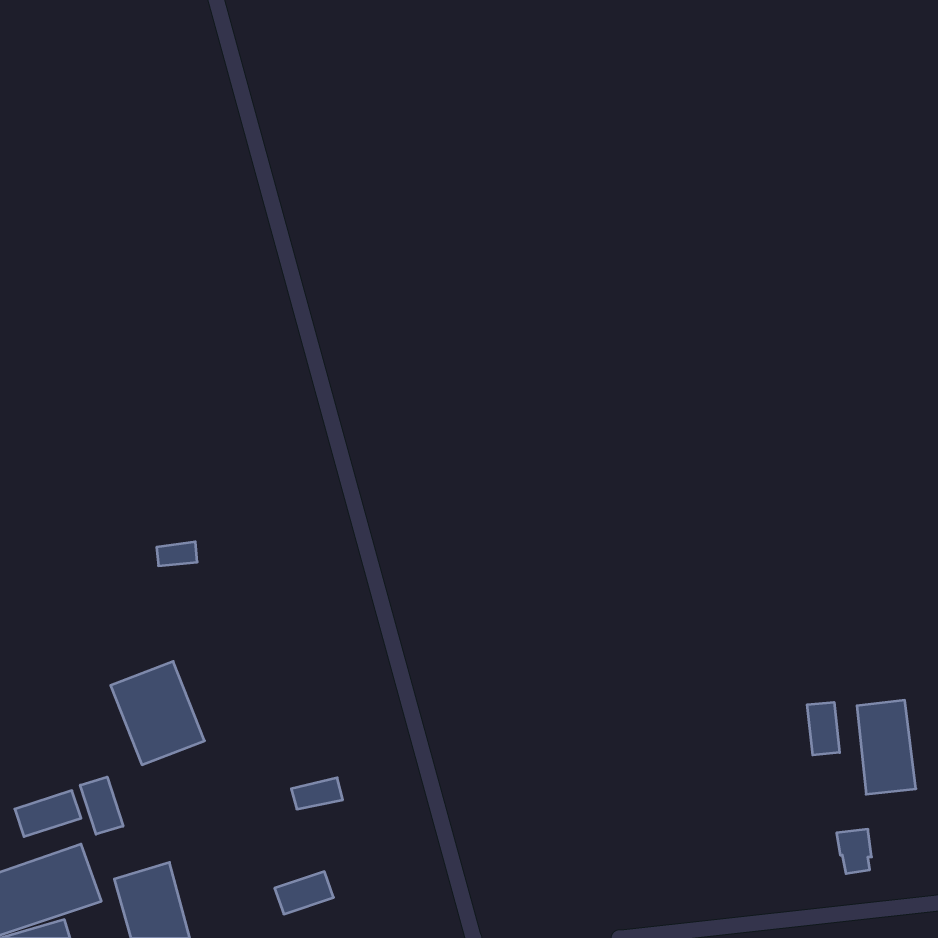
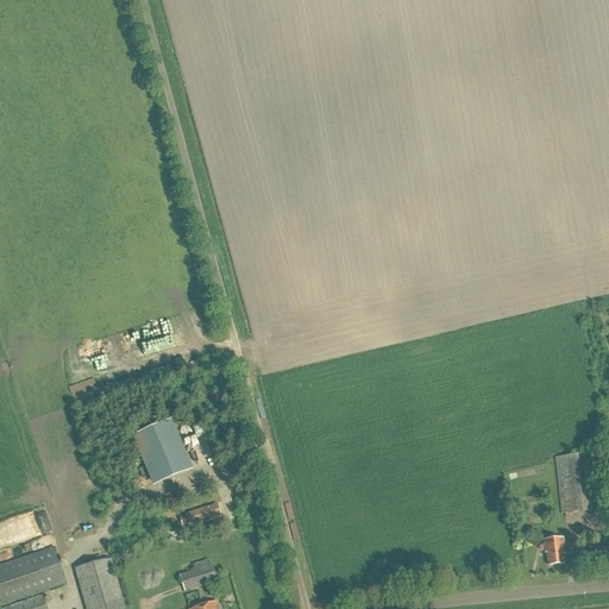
building: [111,661,205,765] -> [133,417,194,484]
building: [807,702,840,755] -> none
building: [80,777,123,834] -> none

